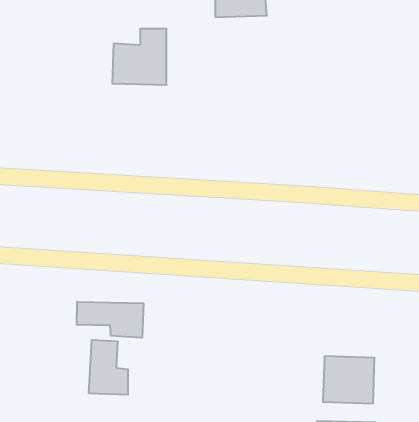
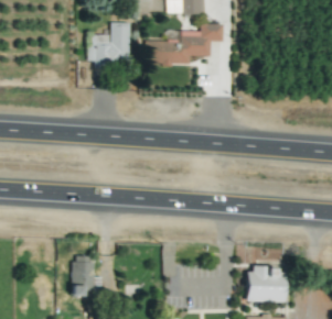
building: none -> [144,23,224,65]
building: [77,302,143,338] -> none

